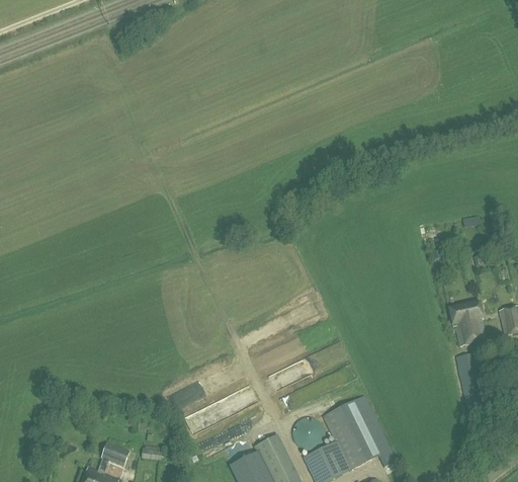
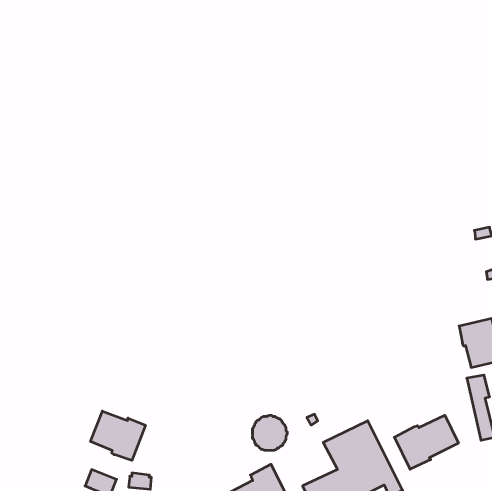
building: none -> [91,411,145,460]
building: none -> [394,415,458,469]
building: [292,415,325,448] -> [252,416,287,450]

